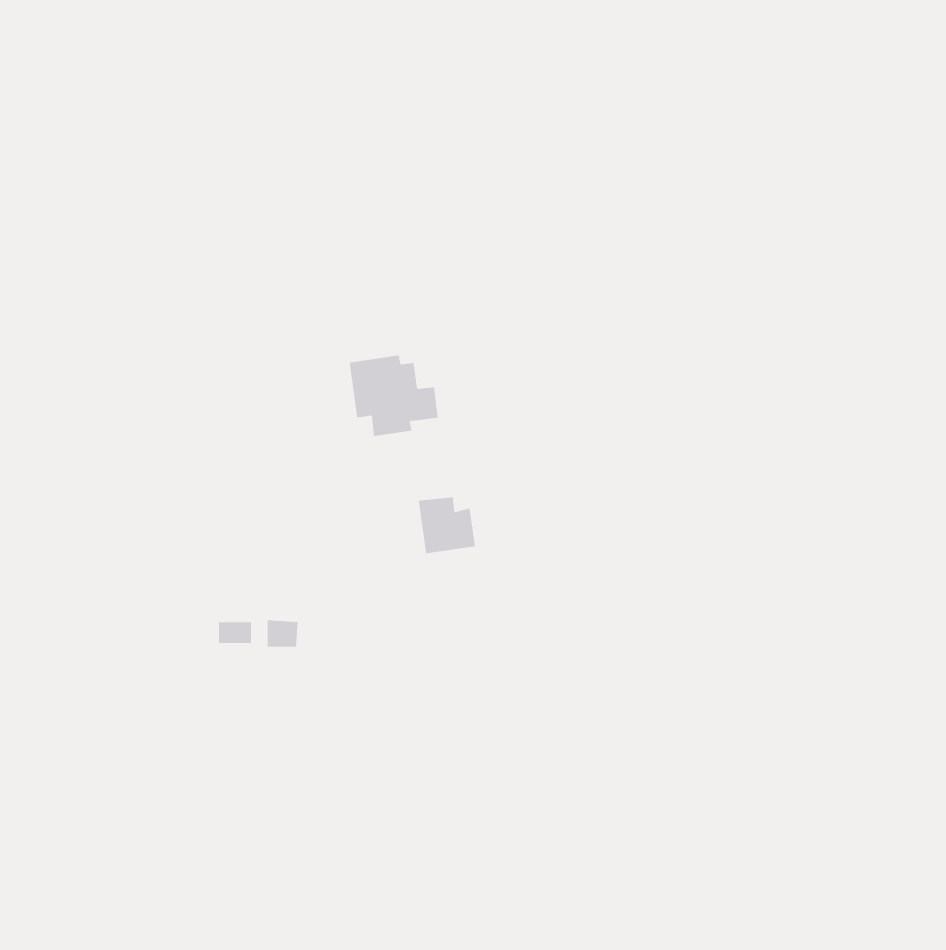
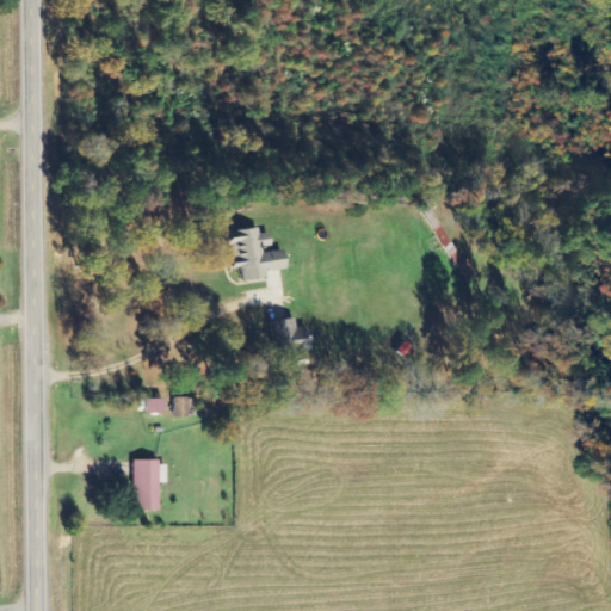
building: none -> [134,458,166,508]

